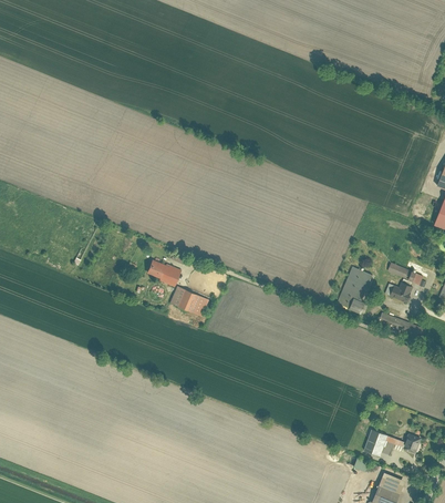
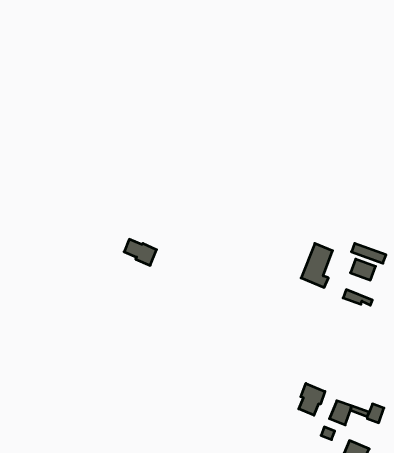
building: [173,287,211,317] -> none
building: none -> [299,383,325,415]

